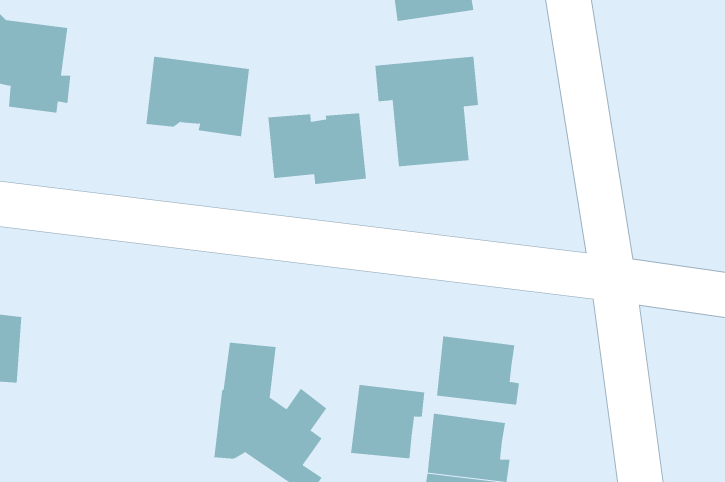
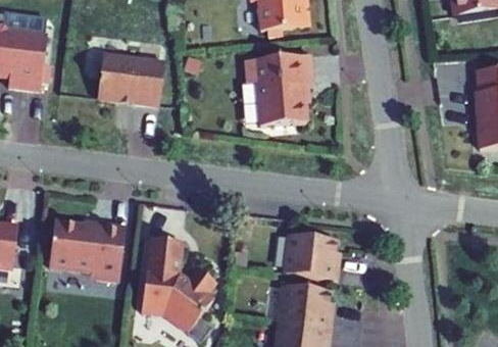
building: [268,112,367,185] -> none
building: none -> [48,219,124,280]
building: [350,384,425,459] -> none

